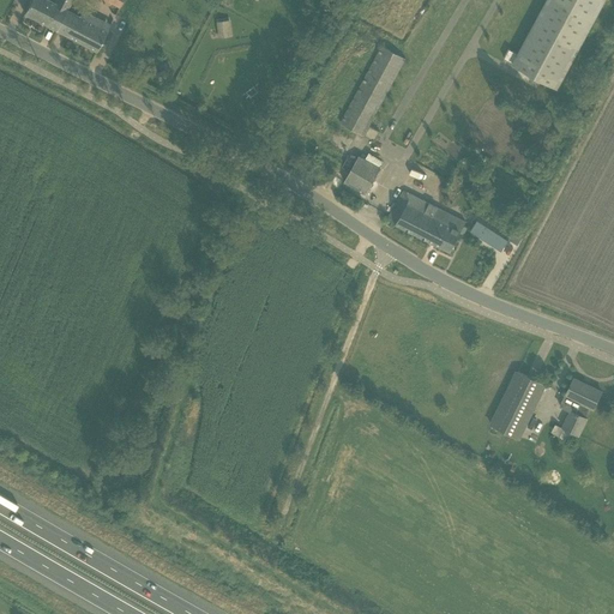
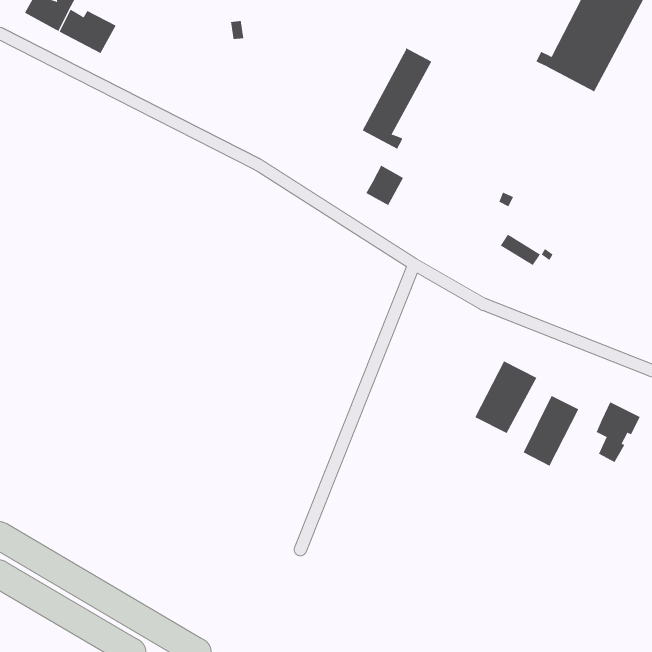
building: [385,188,464,251] -> none
building: none -> [475,360,537,434]

